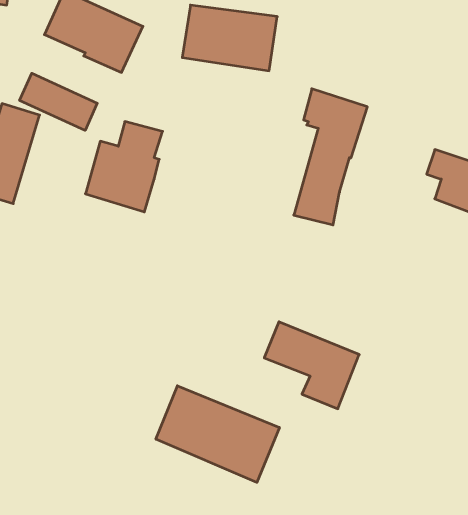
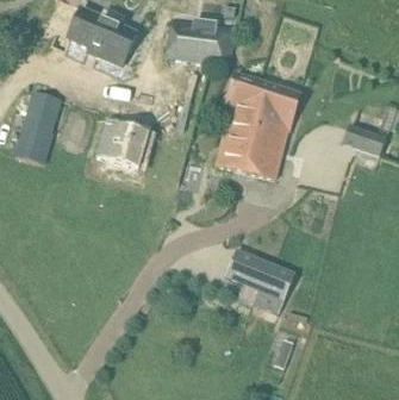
building: [20,73,97,130] -> none
building: none -> [216,73,264,171]
building: [156,386,279,482] -> none

